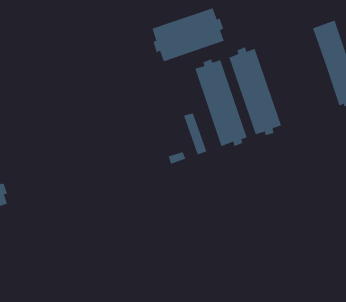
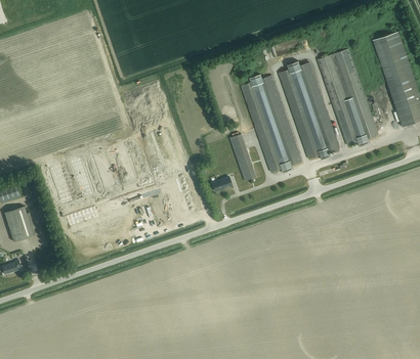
building: [152,7,224,62] -> none
building: none -> [318,49,377,146]

